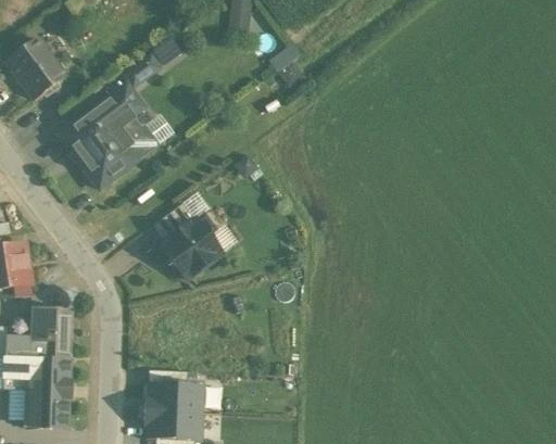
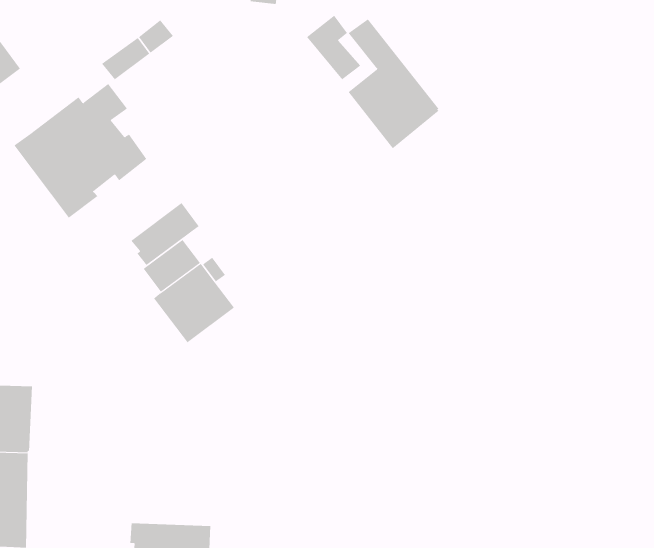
building: none -> [348,18,439,149]
building: none -> [130,202,200,266]
building: [146,381,205,411] -> none

